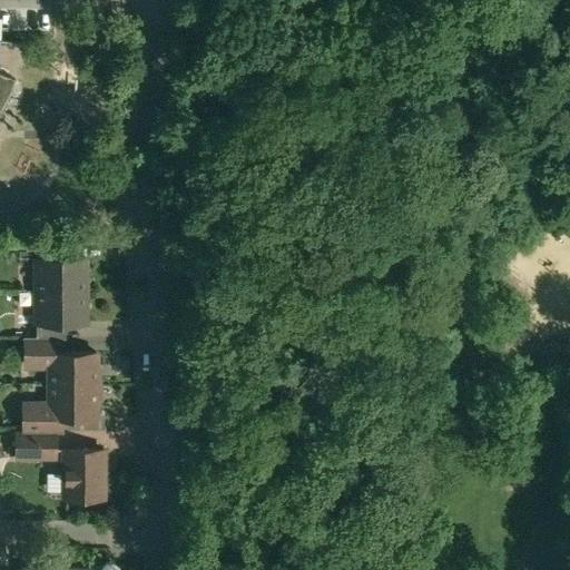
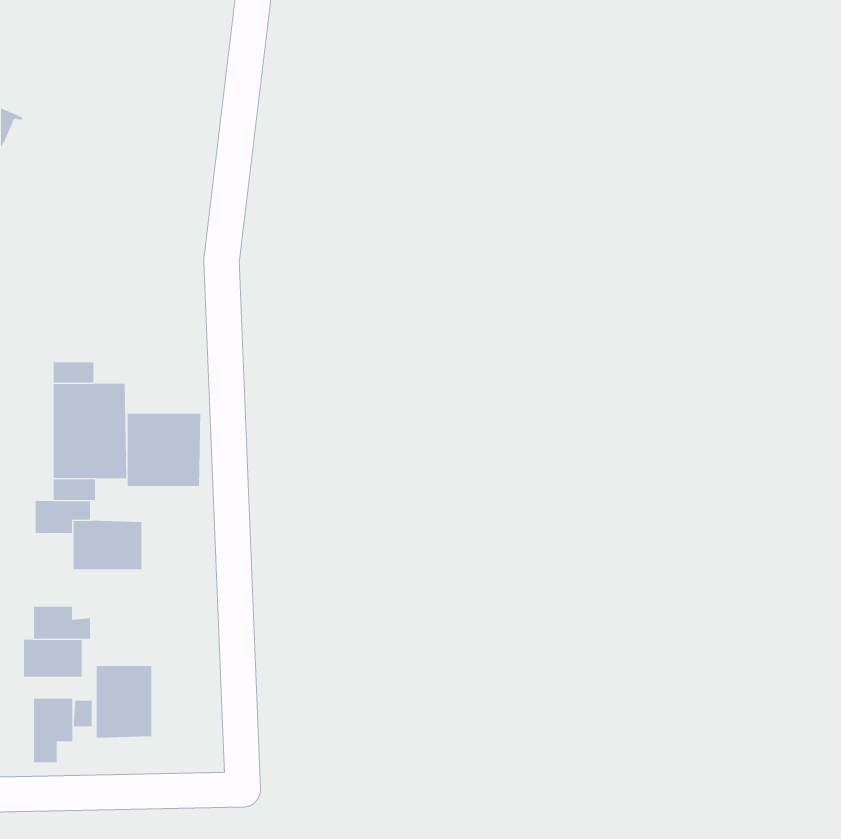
building: none -> [127,413,201,487]
building: [51,387,98,421] -> none
building: none -> [33,698,73,763]

